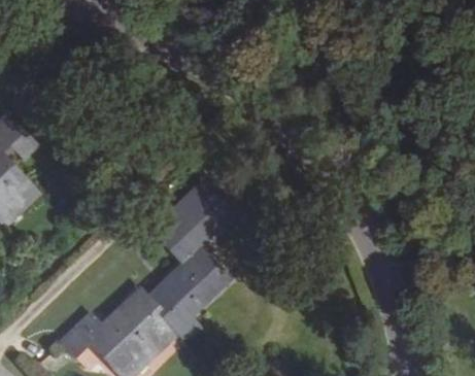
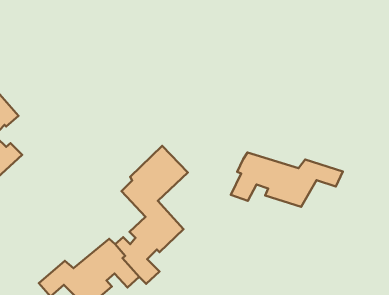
building: none -> [231,153,343,207]

